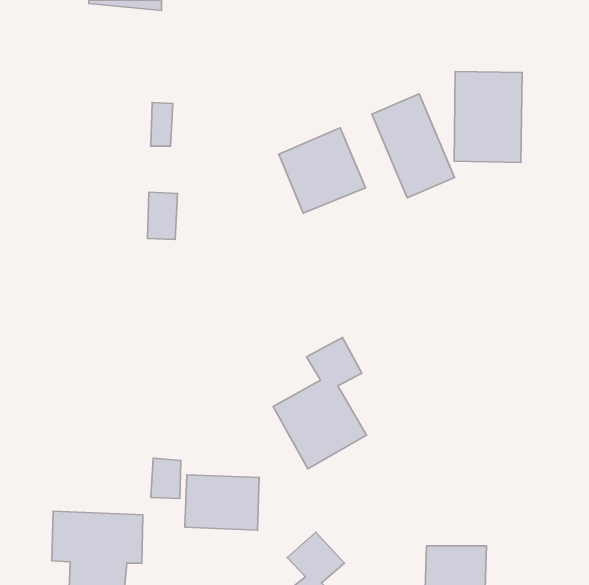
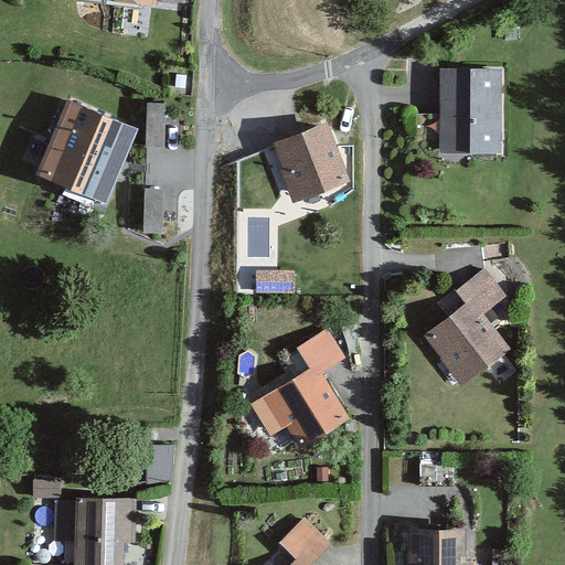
building: [372,94,454,198] -> none
building: none -> [36,99,139,206]
building: none -> [418,266,509,387]
building: [185,475,259,530] -> none

